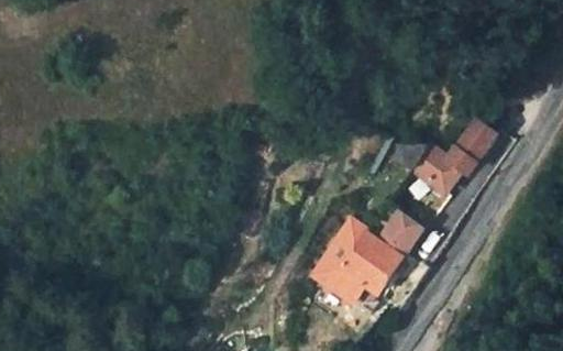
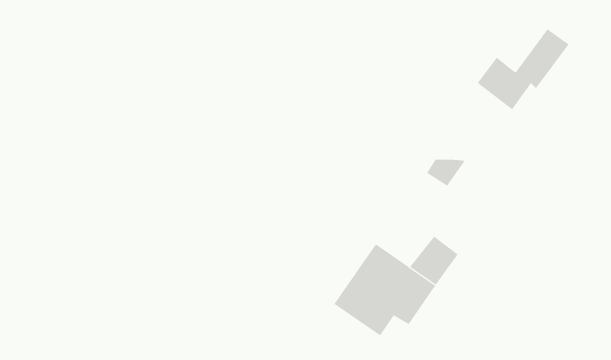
building: [415,120,497,193] -> [477,29,570,110]

